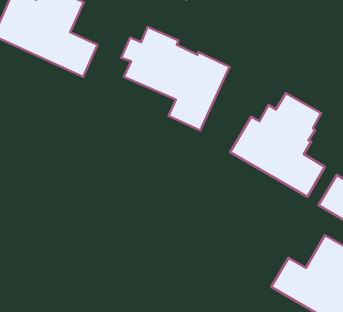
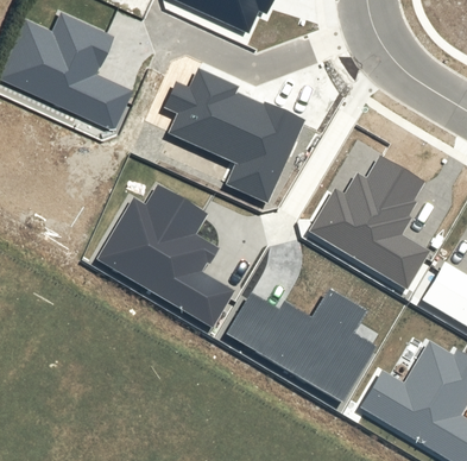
building: none -> [96,183,233,327]
building: none -> [226,286,376,402]

